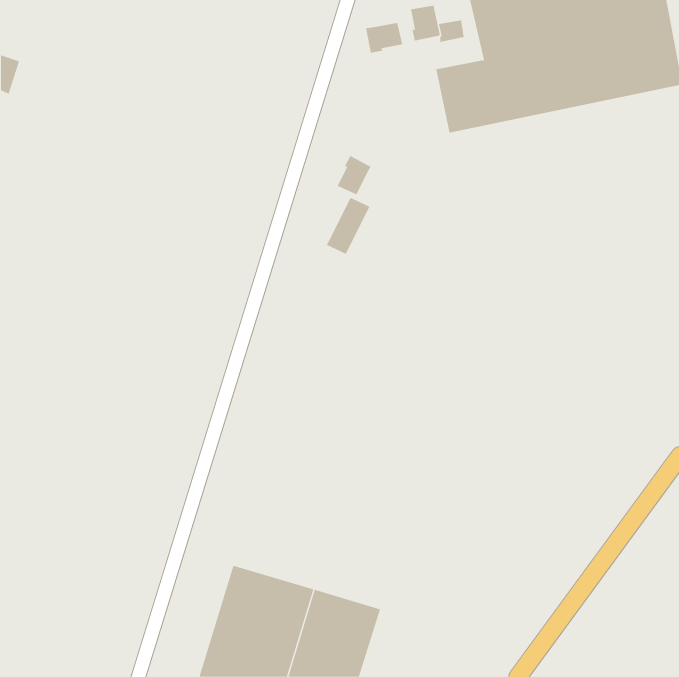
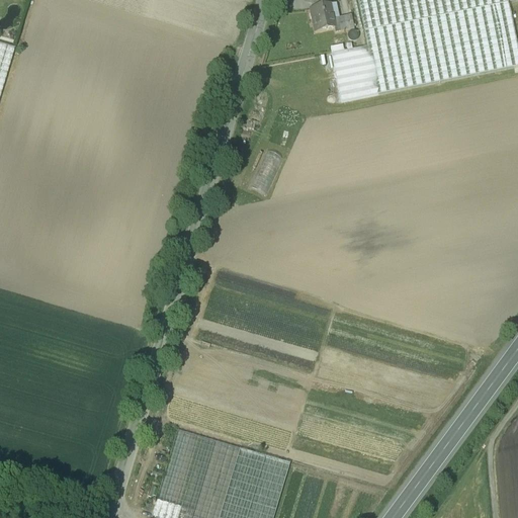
building: [365,22,403,54] -> none
building: [337,155,371,195] -> none

